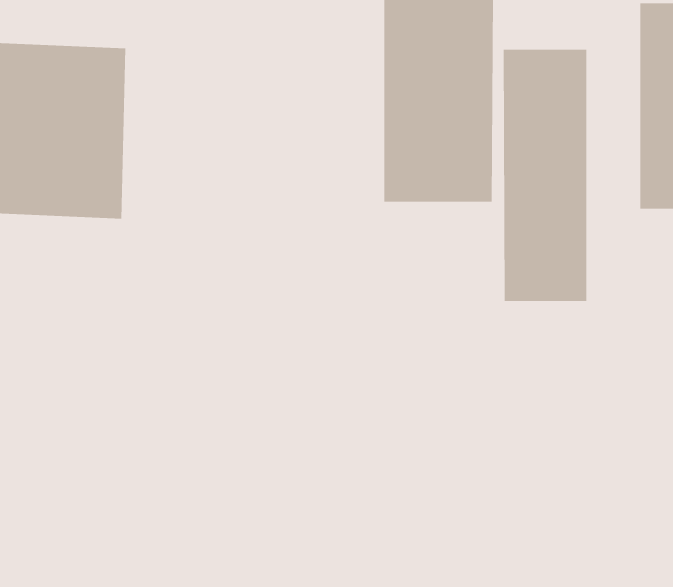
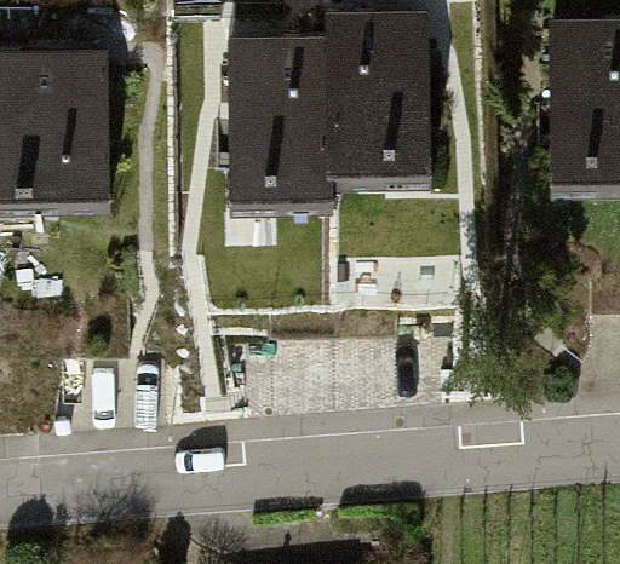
building: none -> [235,35,332,207]
building: [503,49,587,302] -> none

